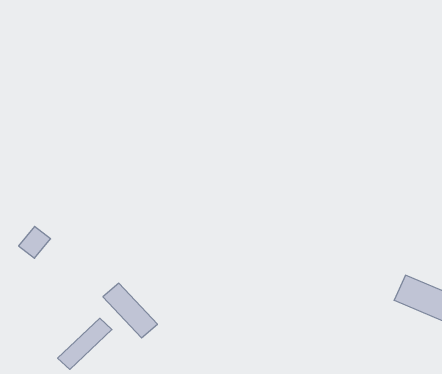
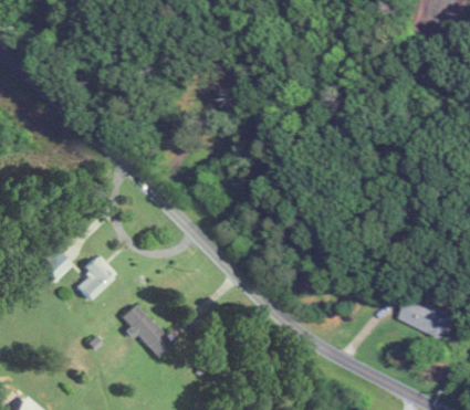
building: none -> [76,255,115,301]
building: [58,318,112,369] -> none

